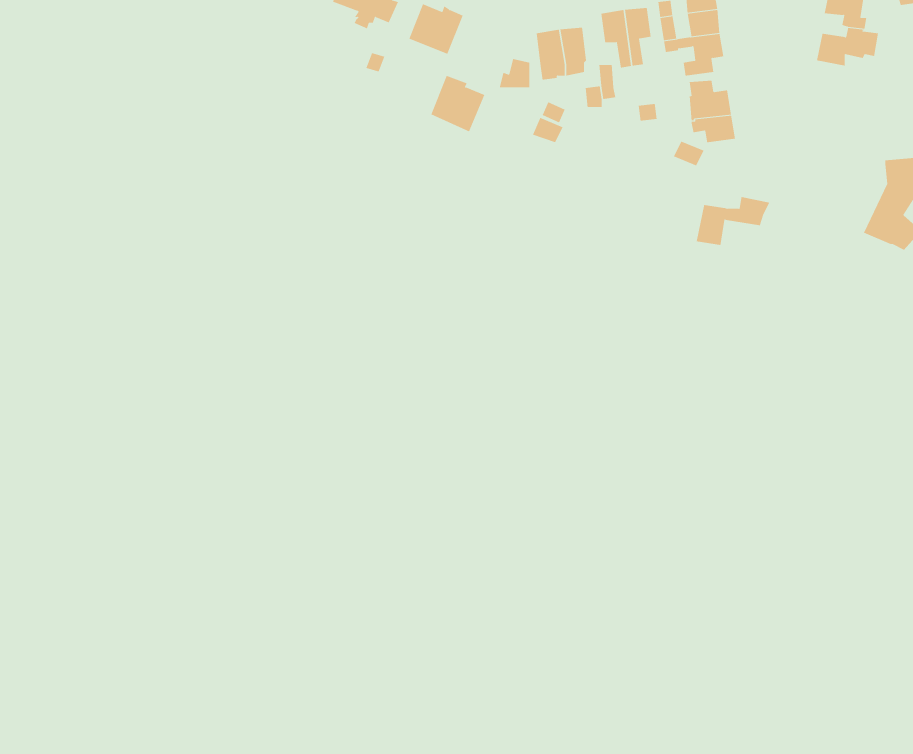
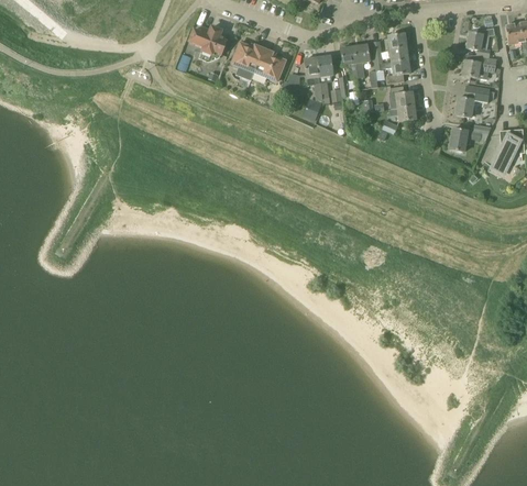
building: [430,75,485,132] -> [255,48,286,80]
building: none -> [455,84,491,117]
building: [696,197,770,245] -> [450,123,492,151]

